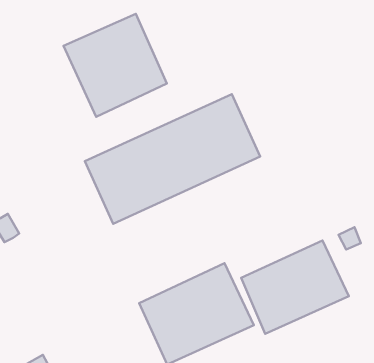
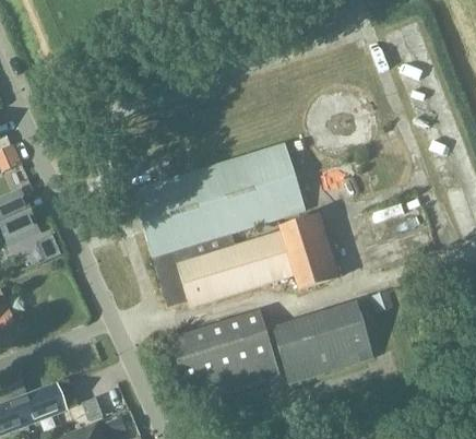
building: [64,14,167,117] -> none
building: none -> [153,213,338,308]

